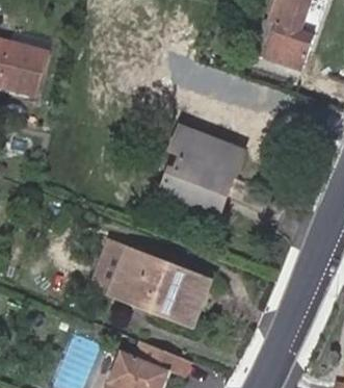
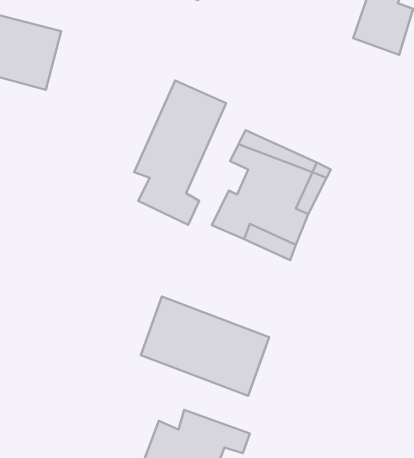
building: none -> [134,81,226,225]
building: [88,241,124,292] -> none

